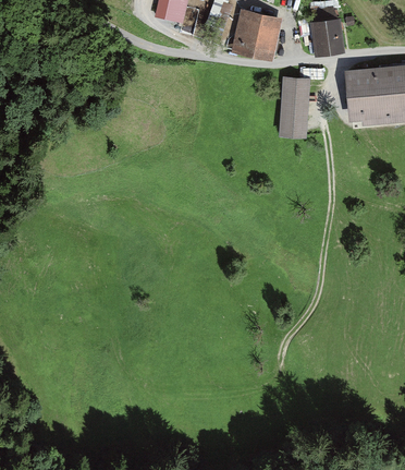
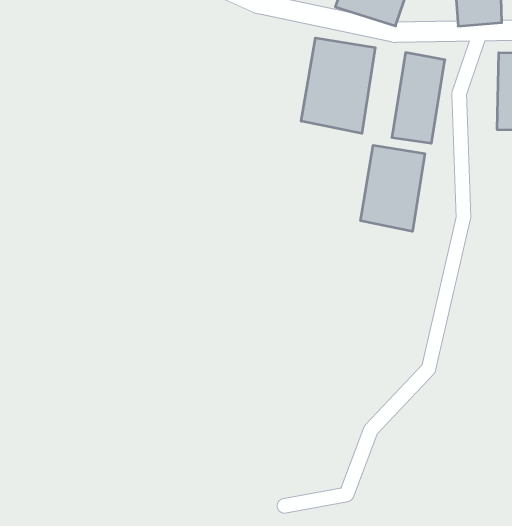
building: none -> [301,38,375,133]
building: none -> [361,145,425,231]

